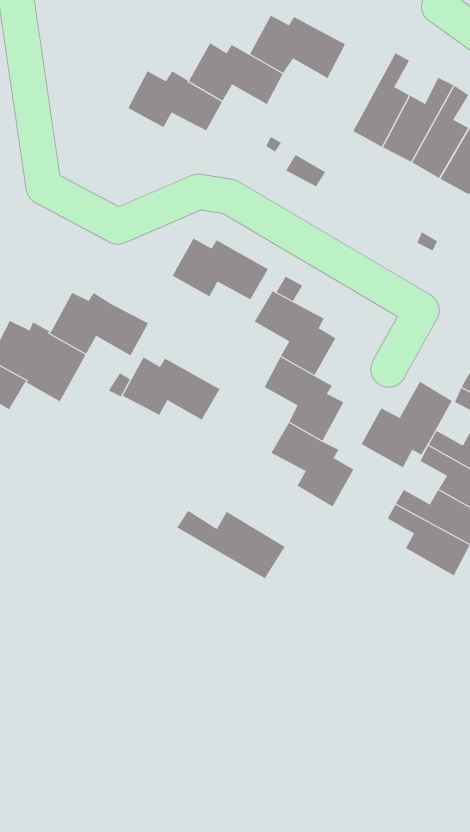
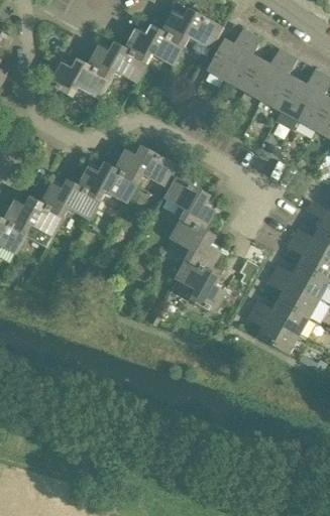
building: none -> [206,27,251,81]
building: none -> [50,59,109,98]
building: [122,356,220,420] -> [77,162,137,202]
building: [361,381,453,468] -> none
building: [177,510,286,579] -> none

